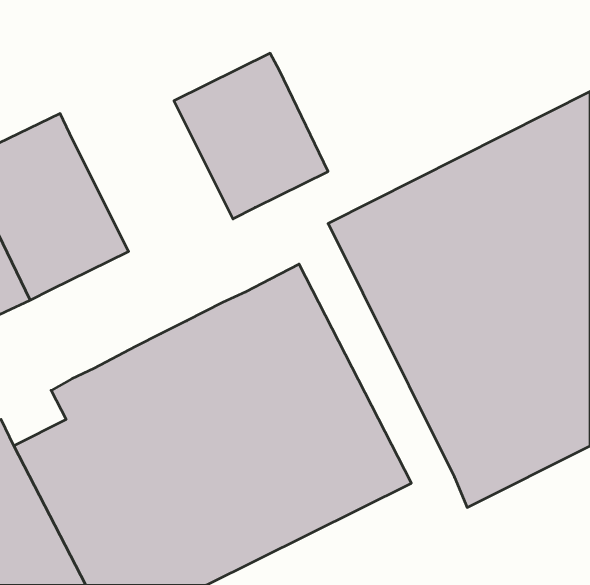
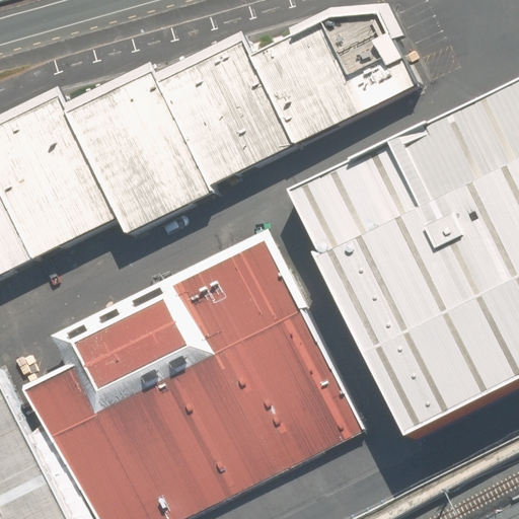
building: none -> [244,4,425,150]
building: none -> [61,75,206,238]

